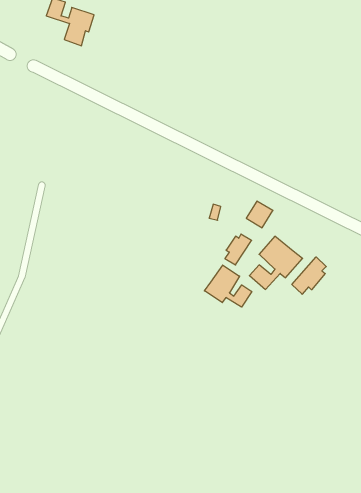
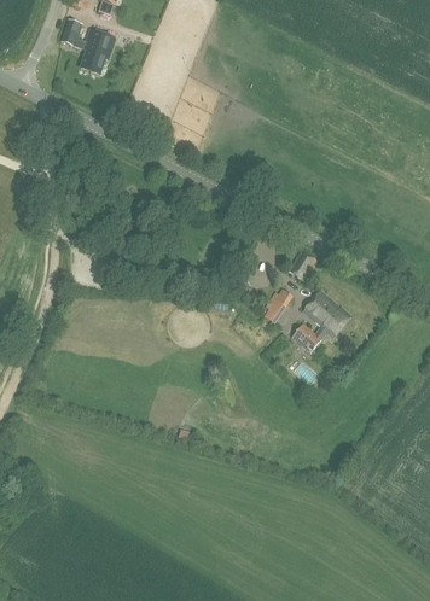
building: [292,257,326,294] -> none
building: [204,265,252,307] -> none

